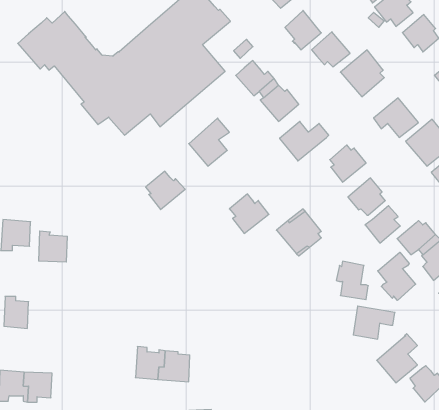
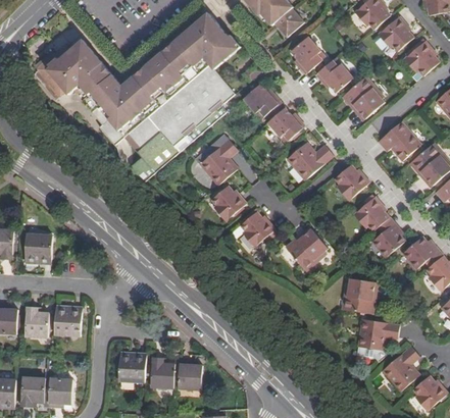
building: [146,171,185,210] -> [210,185,248,221]
building: [39,231,67,262] -> [53,306,81,335]
building: [378,252,416,300] -> none
building: none -> [113,352,139,382]

